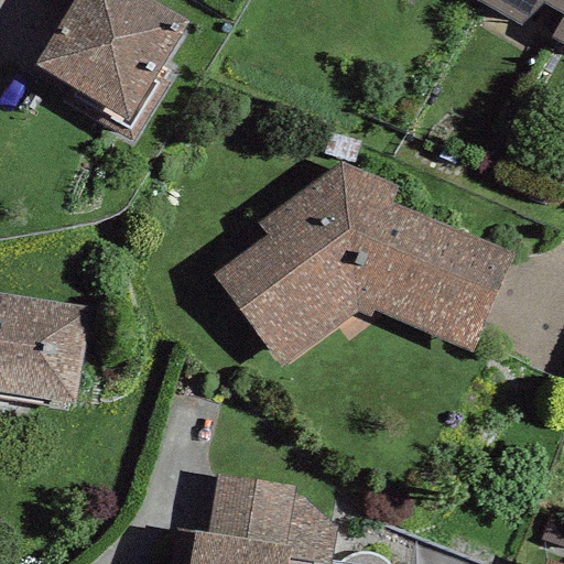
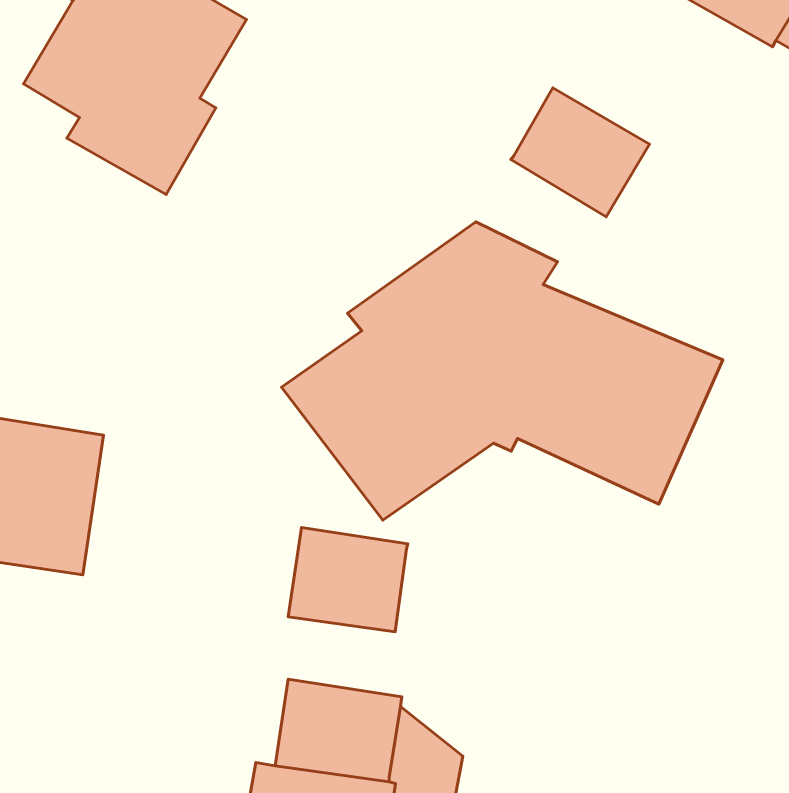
building: none -> [511,88,649,217]
building: none -> [288,527,408,632]

